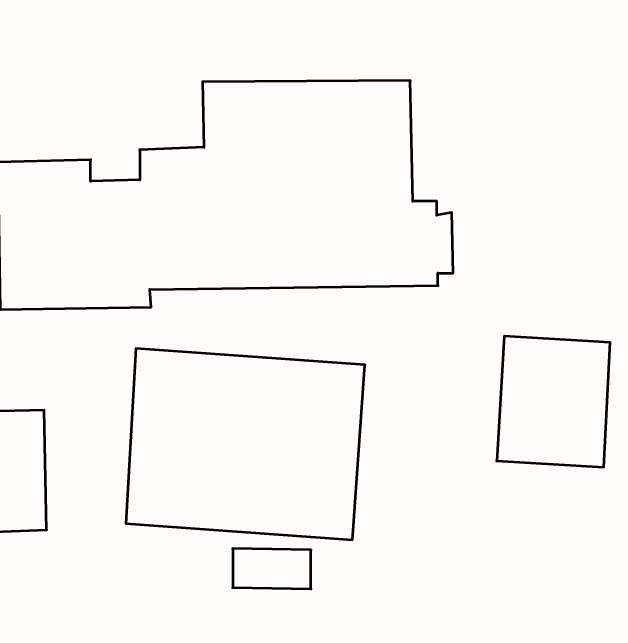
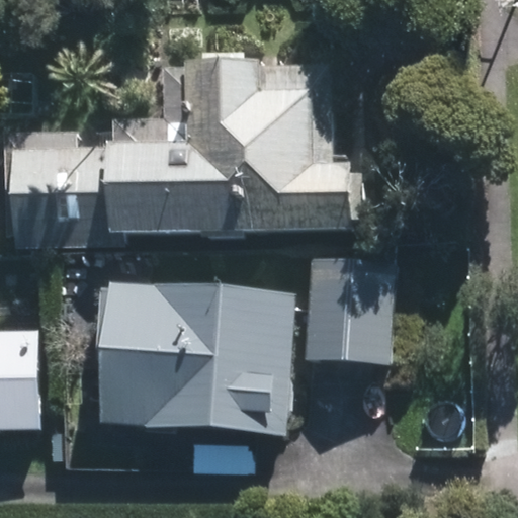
building: [497,336,610,467] -> [301,257,393,362]

